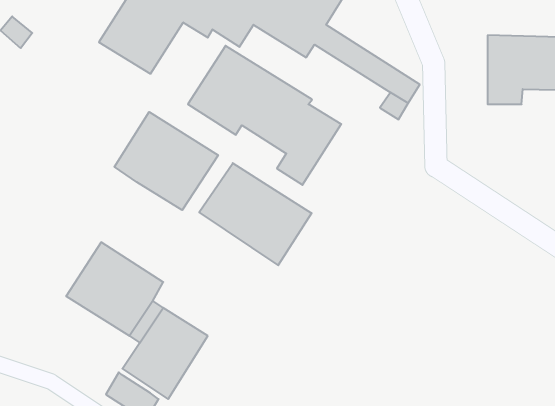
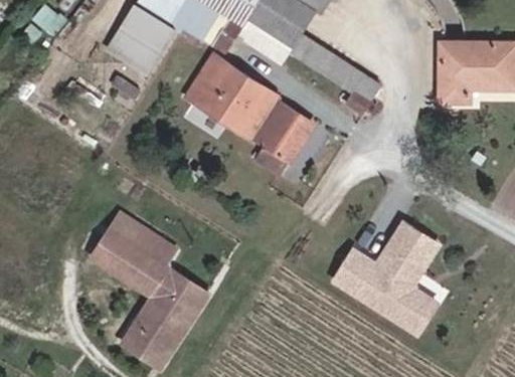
building: [114,112,218,210] -> none
building: [199,163,312,265] -> none
building: none -> [332,223,436,334]

